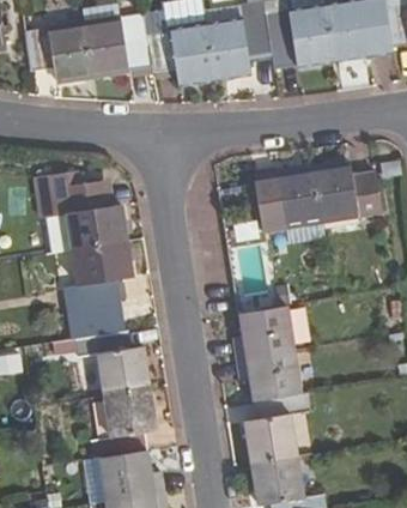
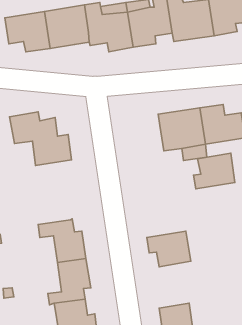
building: [63,242,129,338] -> none
building: [232,304,293,357] -> [193,153,235,189]
building: [247,391,309,461] -> none

